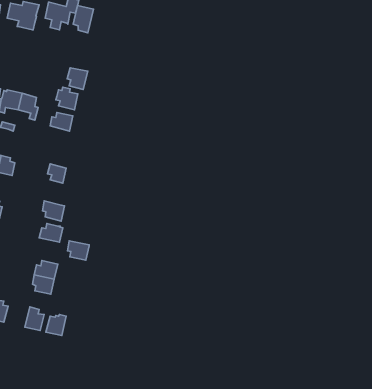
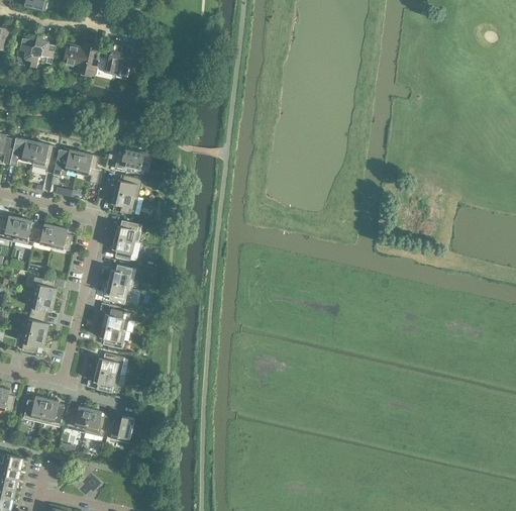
building: [73,6,94,33] -> none
building: [67,68,88,90] -> none
building: none -> [111,191,137,215]
building: none -> [114,220,141,242]
building: none -> [107,264,135,287]
building: [67,241,89,260] -> [99,325,125,348]
building: none -> [66,406,90,432]

